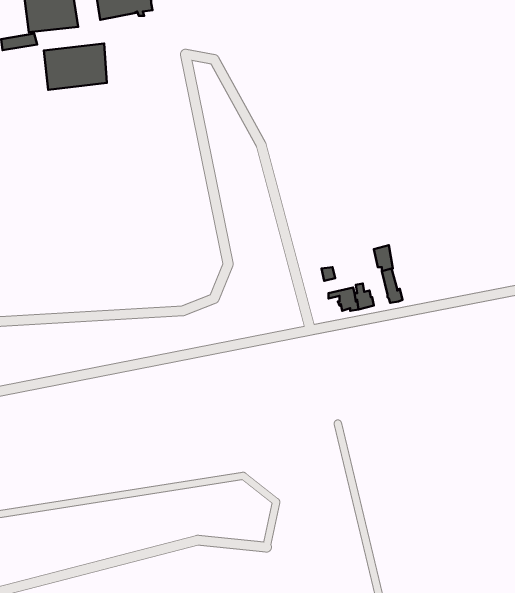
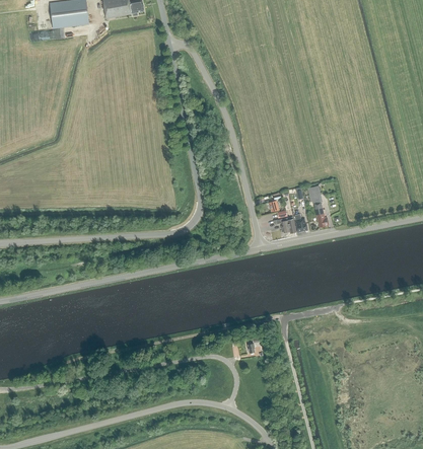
building: [44,43,107,90] -> none

